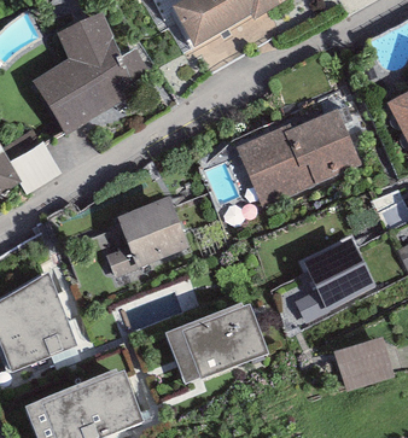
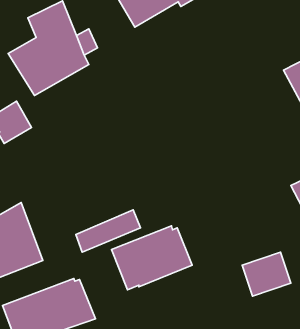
building: [234,107,361,209] -> none
building: [105,195,190,278] -> none
building: [293,236,375,323] -> none

